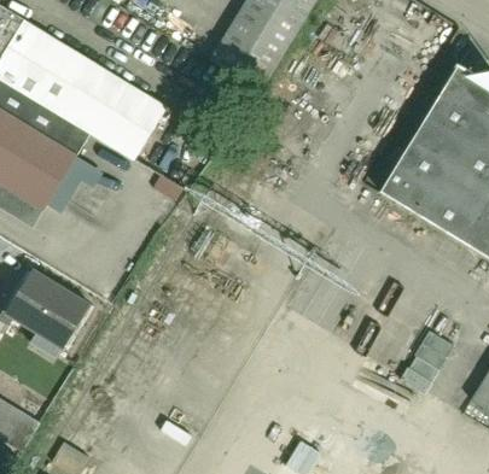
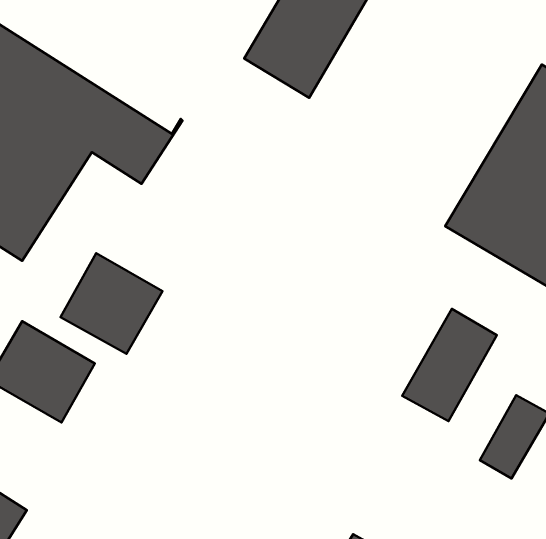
building: none -> [60,253,163,354]
building: none -> [402,309,497,421]

